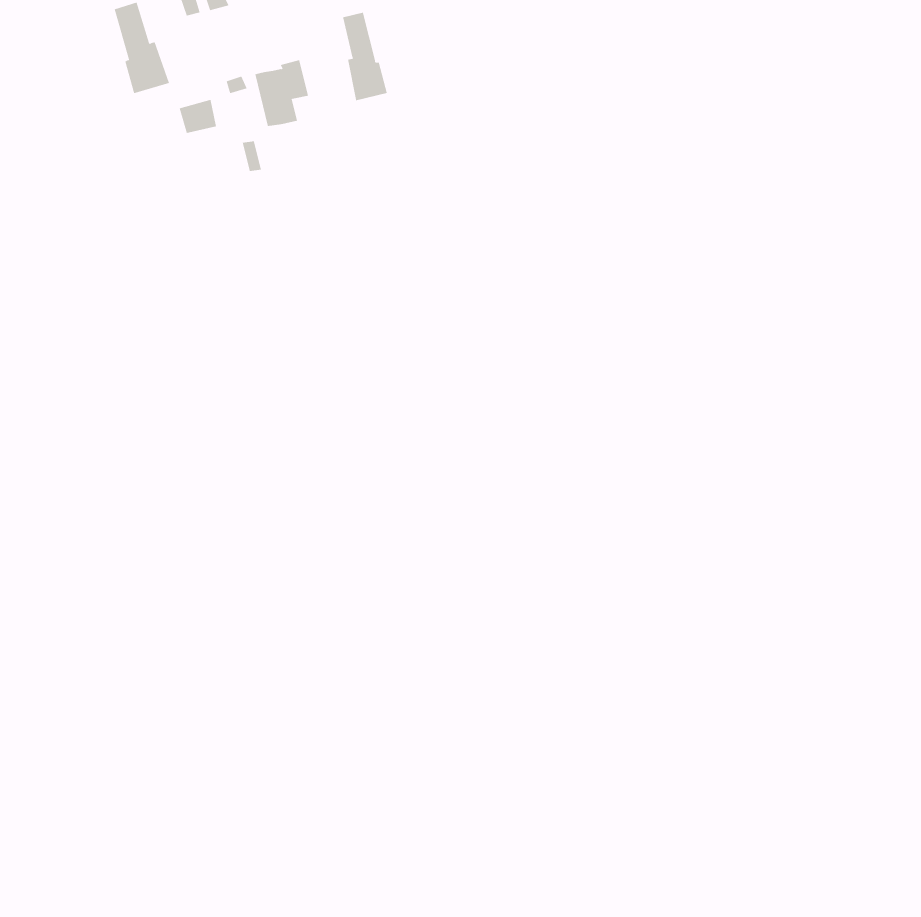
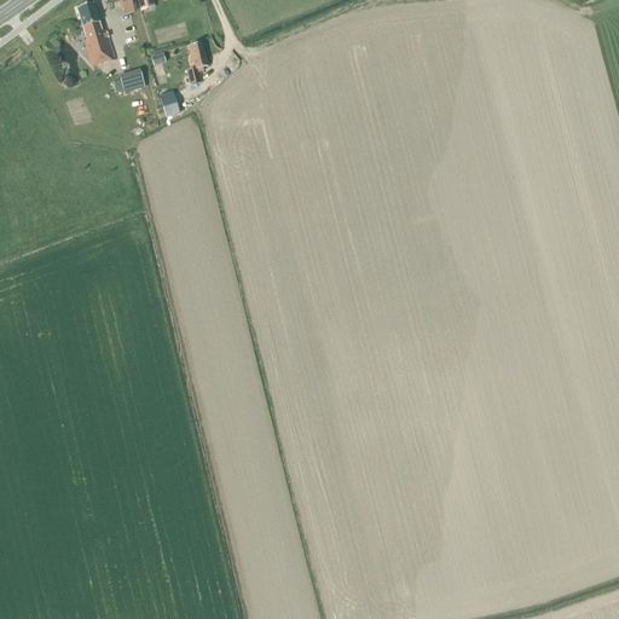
building: [342,12,388,101] -> none

